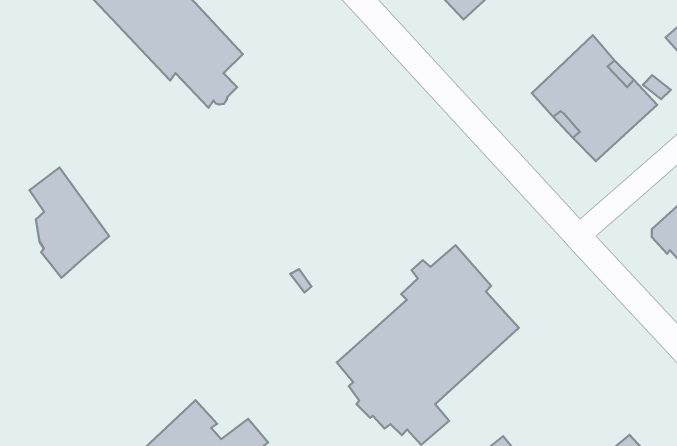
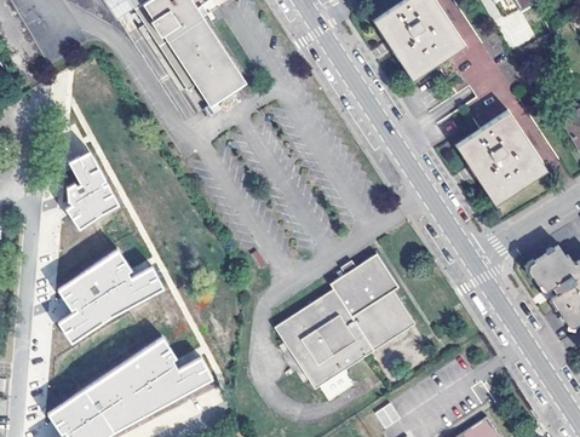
building: none -> [57,248,163,340]

